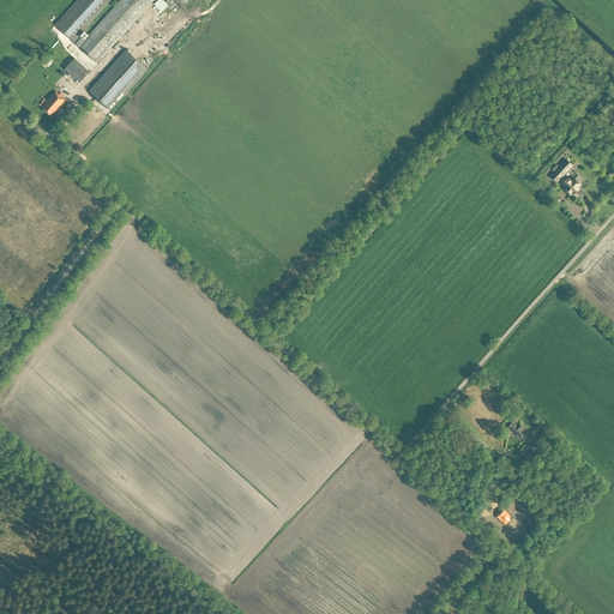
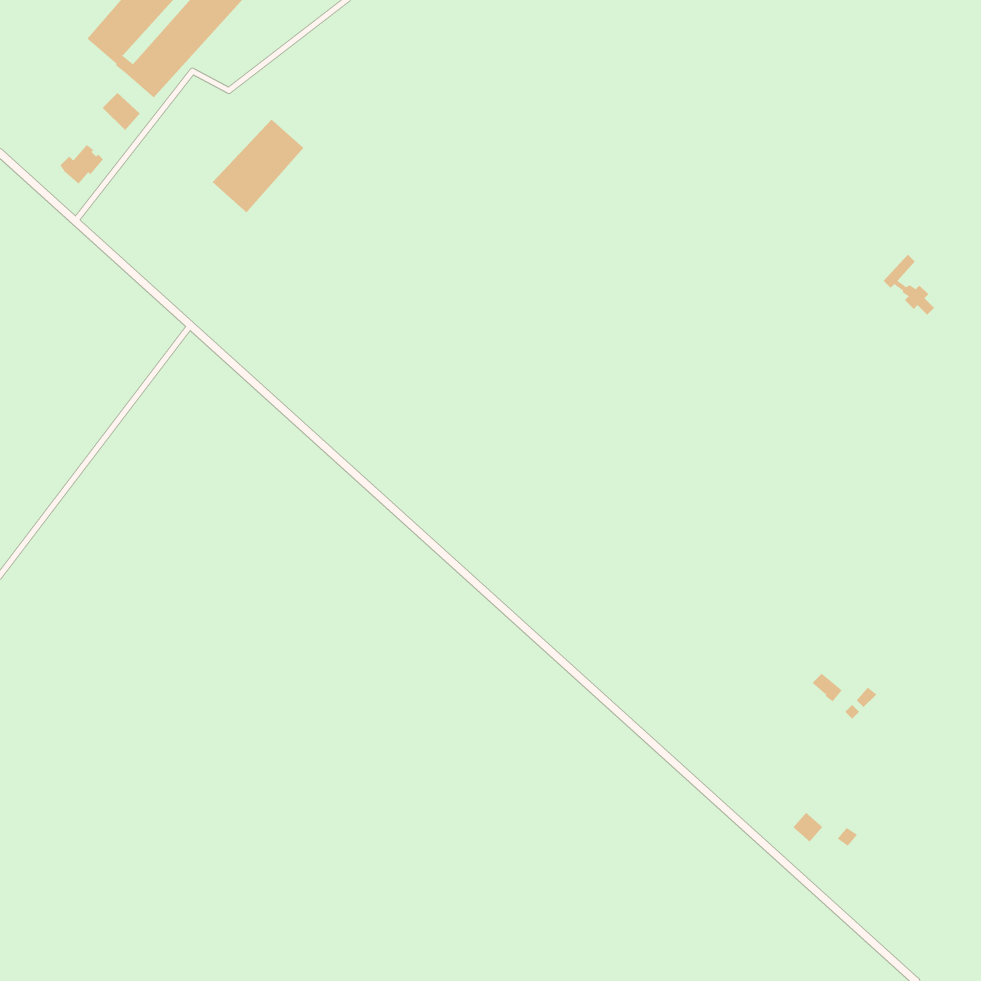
building: [88,50,145,109] -> [212,119,304,213]

